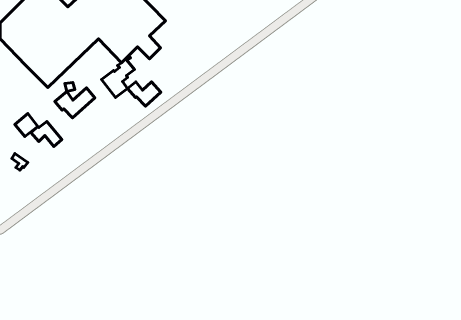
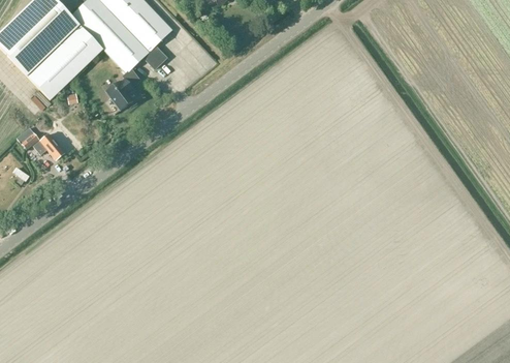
building: [128,82,161,106] -> none
building: [55,88,95,118] -> none

